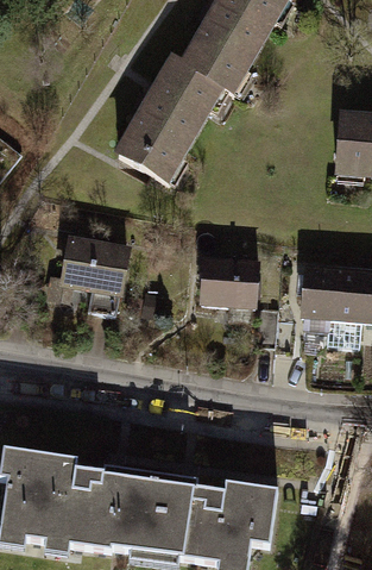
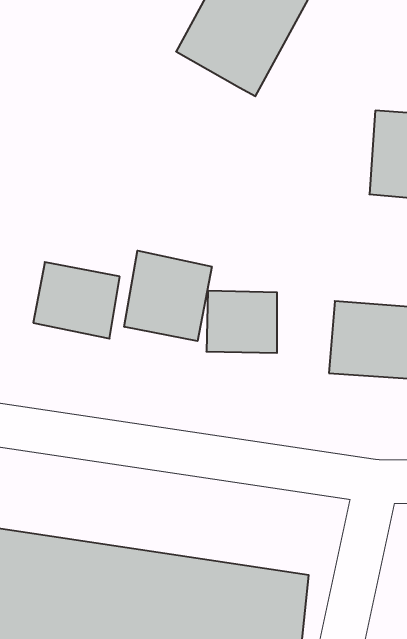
building: [111,54,228,183] -> none
building: none -> [124,251,212,341]

